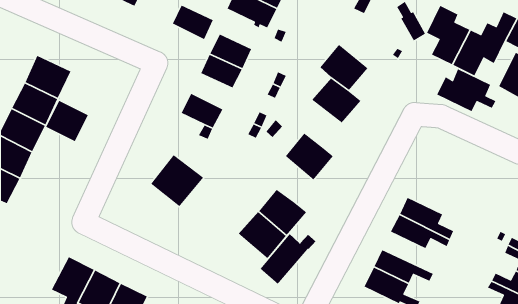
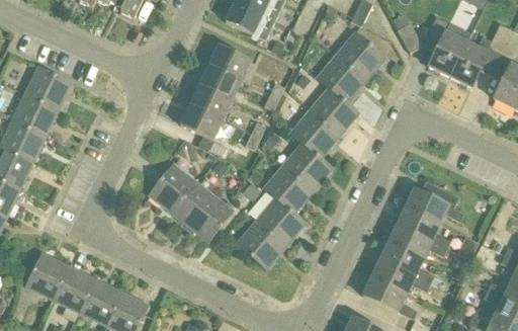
building: [172,5,214,40] -> [190,84,232,119]
building: none -> [337,31,385,79]
building: [436,68,496,112] -> [405,180,464,224]
building: [45,100,89,142] -> none
building: none -> [290,110,340,157]
building: none -> [263,166,312,212]
building: none -> [179,187,233,241]
building: none -> [379,241,435,282]
building: [259,233,317,285] -> none
building: none -> [25,252,69,299]

